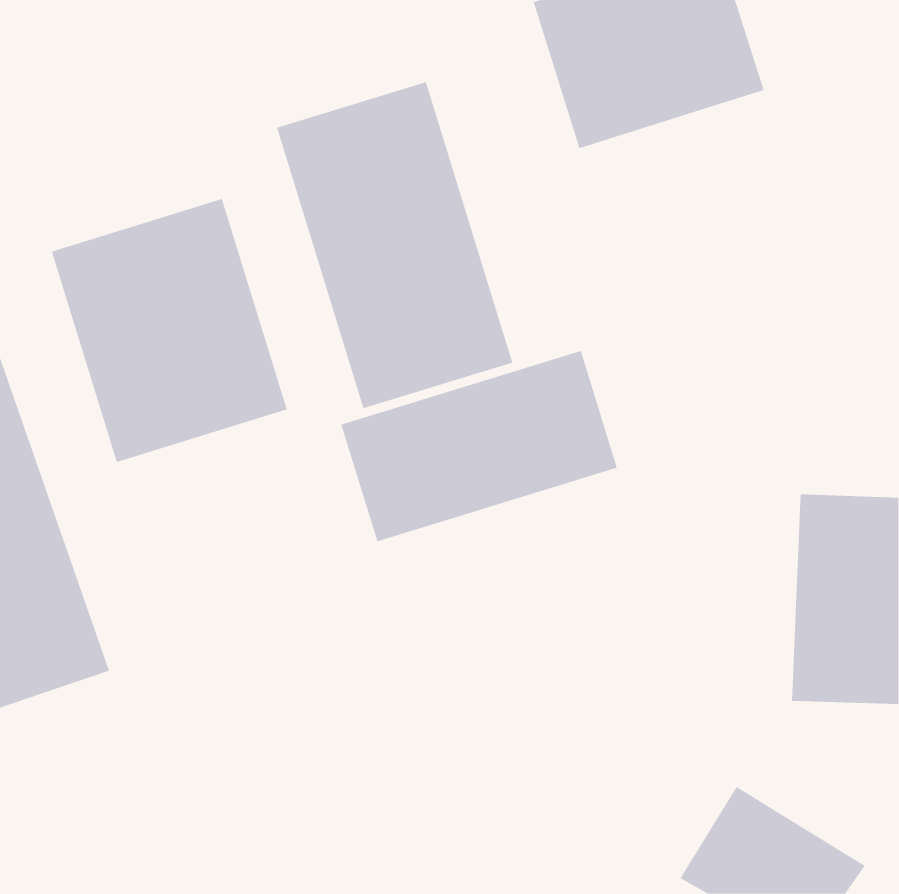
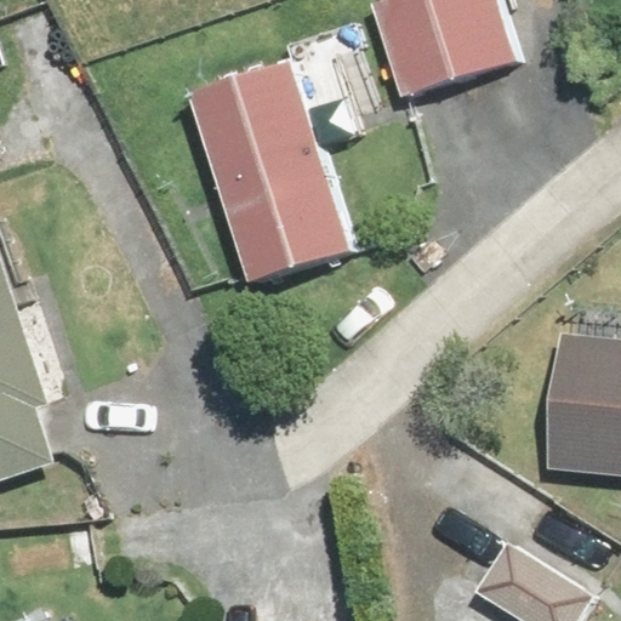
building: [51,198,287,463] -> none
building: [340,350,618,542] -> none

